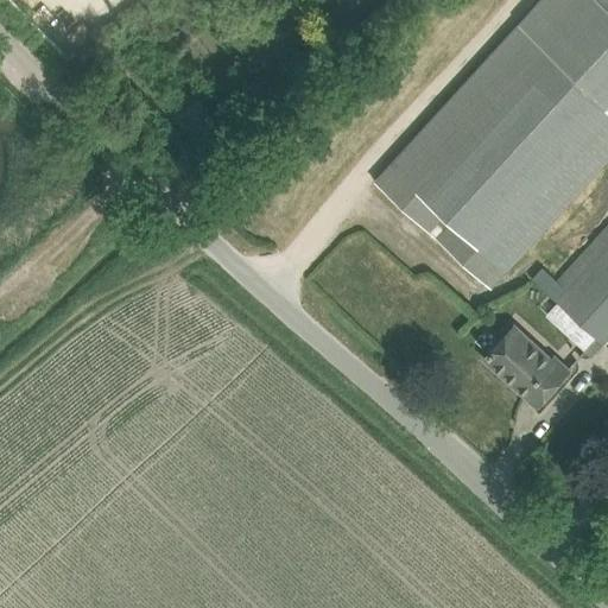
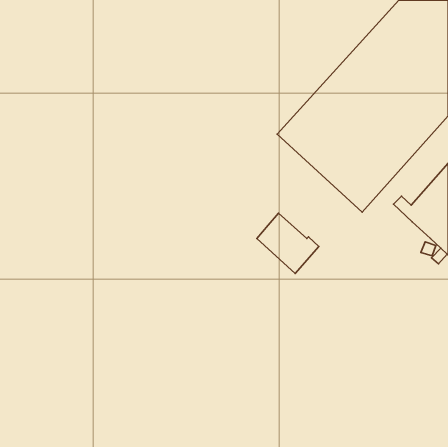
building: [484,325,569,407] -> [257,213,319,274]

